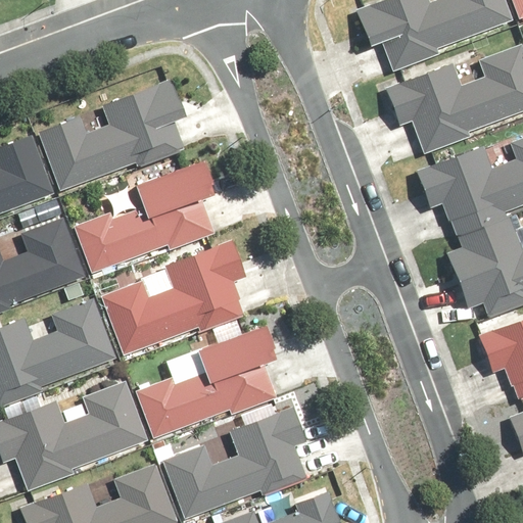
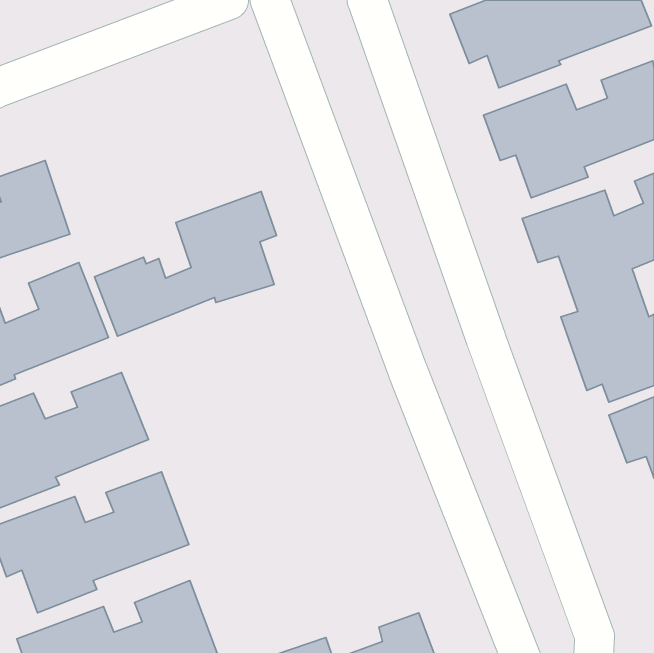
building: [41,77,189,188] -> none
building: [106,239,248,351] -> none
building: [139,327,279,433] -> none
building: [164,407,310,516] -> none

